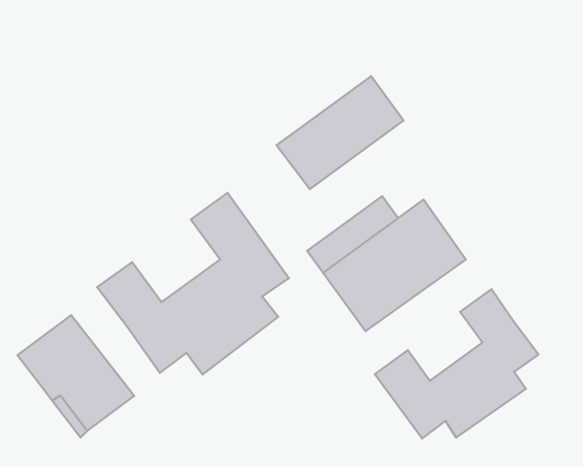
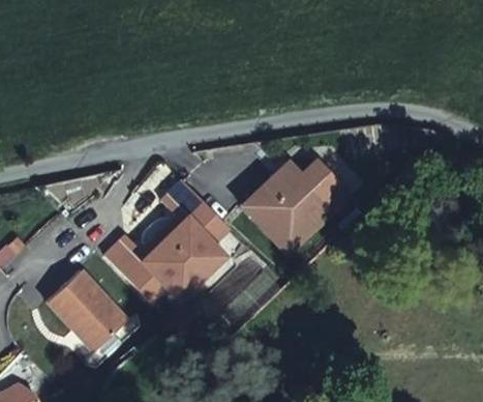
building: [277,76,403,189] -> none
building: [375,289,539,438] -> none

